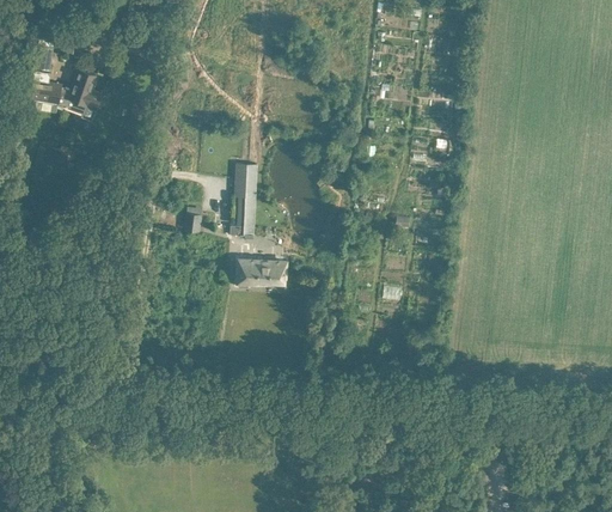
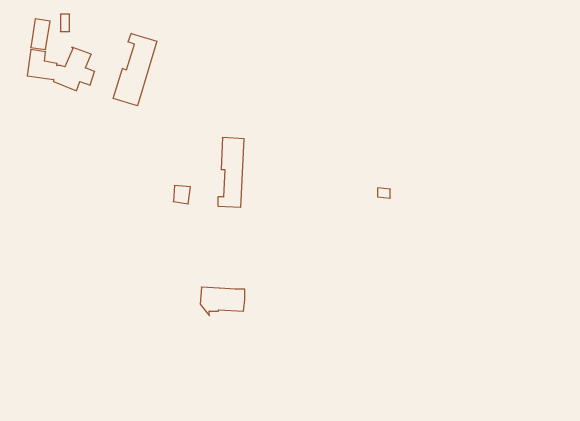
building: none -> [113,33,157,106]
building: [238,256,284,286] -> [200,287,245,316]

